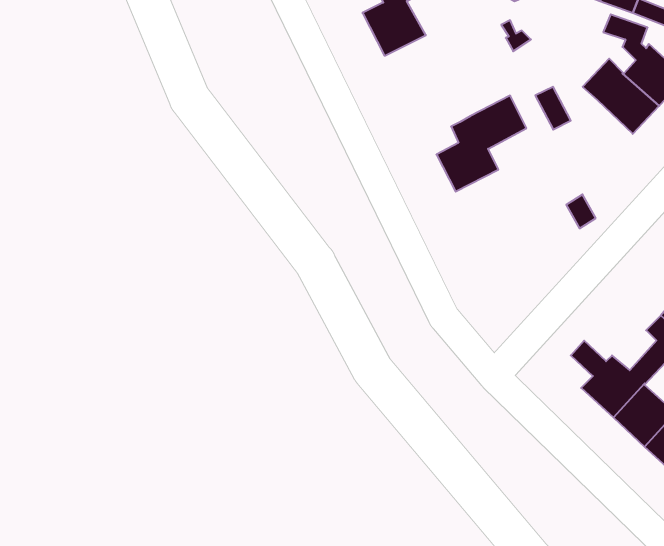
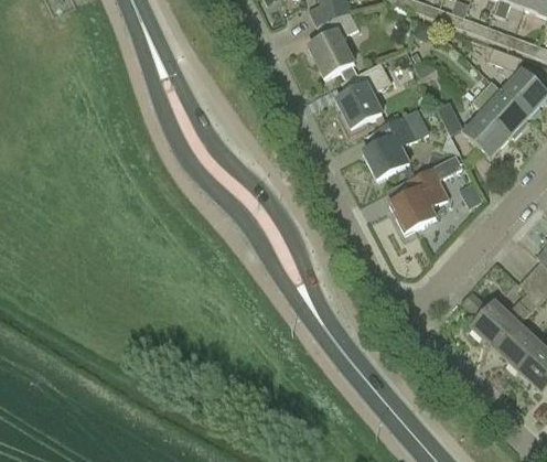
building: none -> [335,61,392,129]
building: none -> [463,110,510,157]
building: none -> [389,153,462,232]

